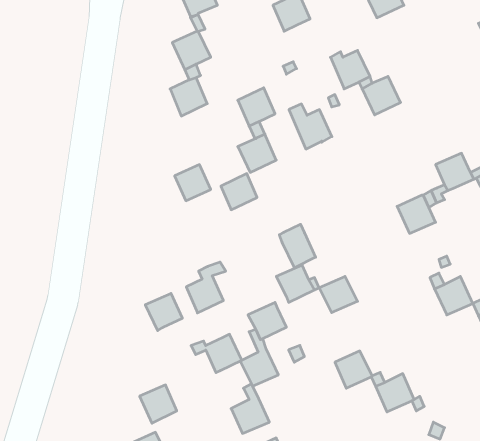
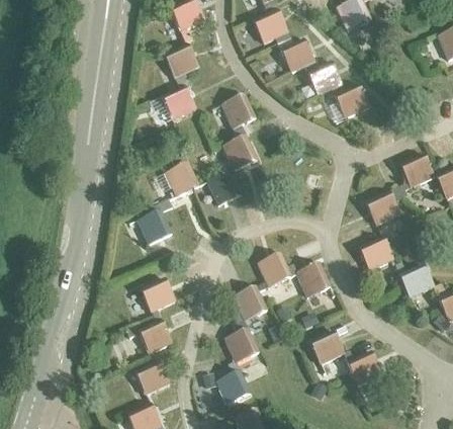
building: [289,104,332,149] -> [276,32,314,73]
building: [279,224,316,268] -> none
building: none -> [358,236,391,270]
building: [186,262,226,313] -> [138,198,173,244]
building: [191,334,242,373] -> [126,319,172,353]

